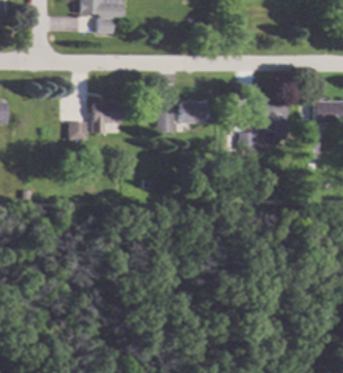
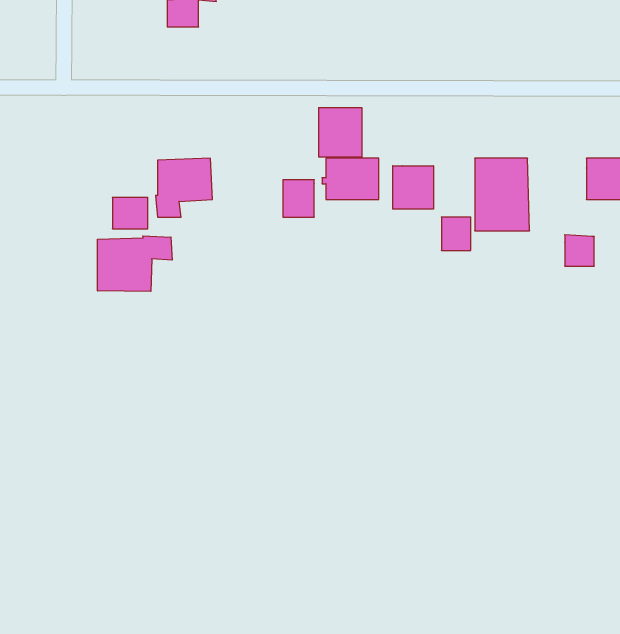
building: none -> [319,108,362,157]
building: none -> [393,166,433,209]
building: none -> [98,236,172,291]

